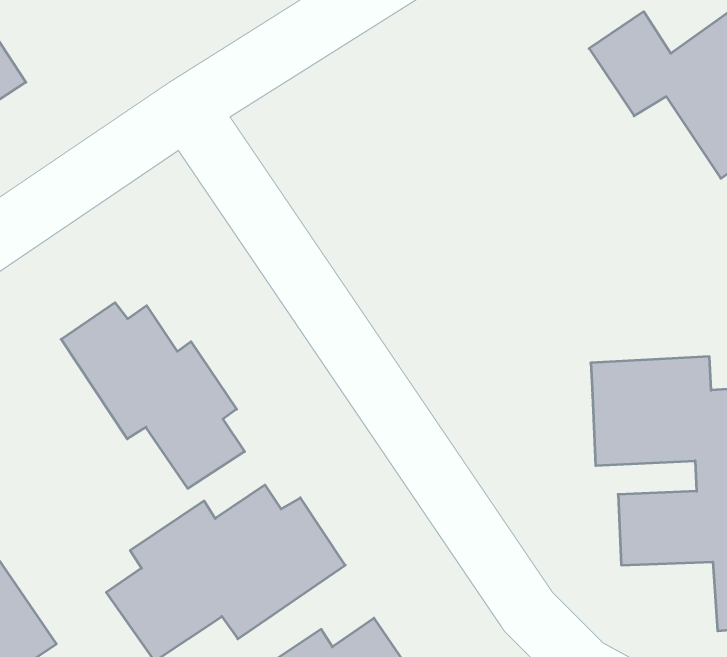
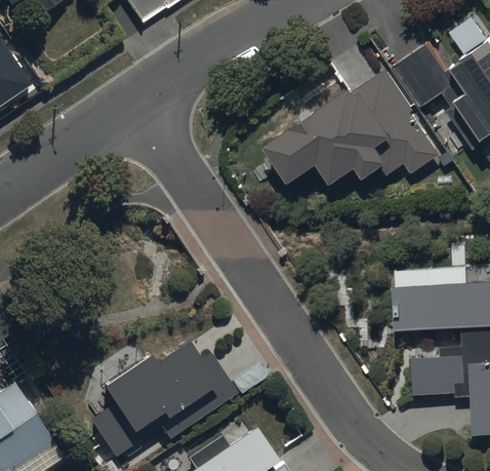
building: none -> [270,69,443,182]
building: [61,303,245,488] -> none

